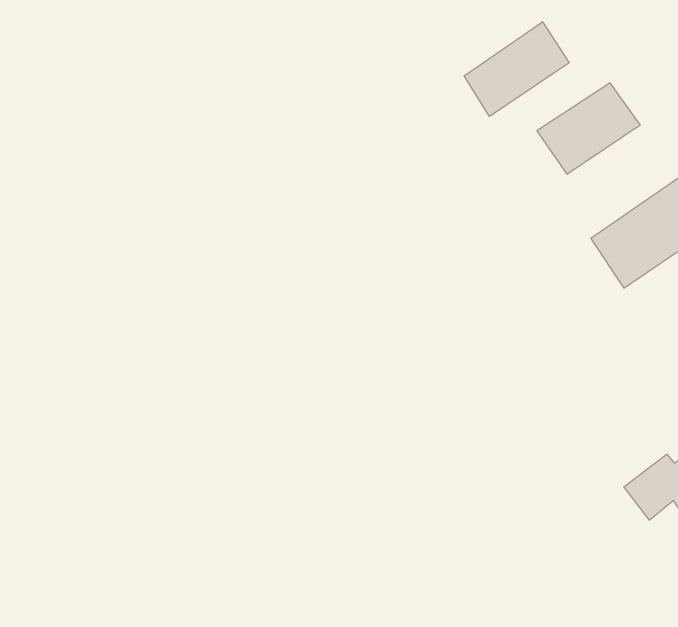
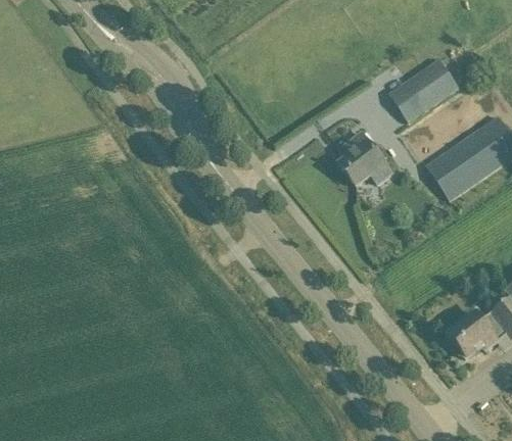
building: [464,22,569,116] -> none
building: none -> [339,128,386,186]

